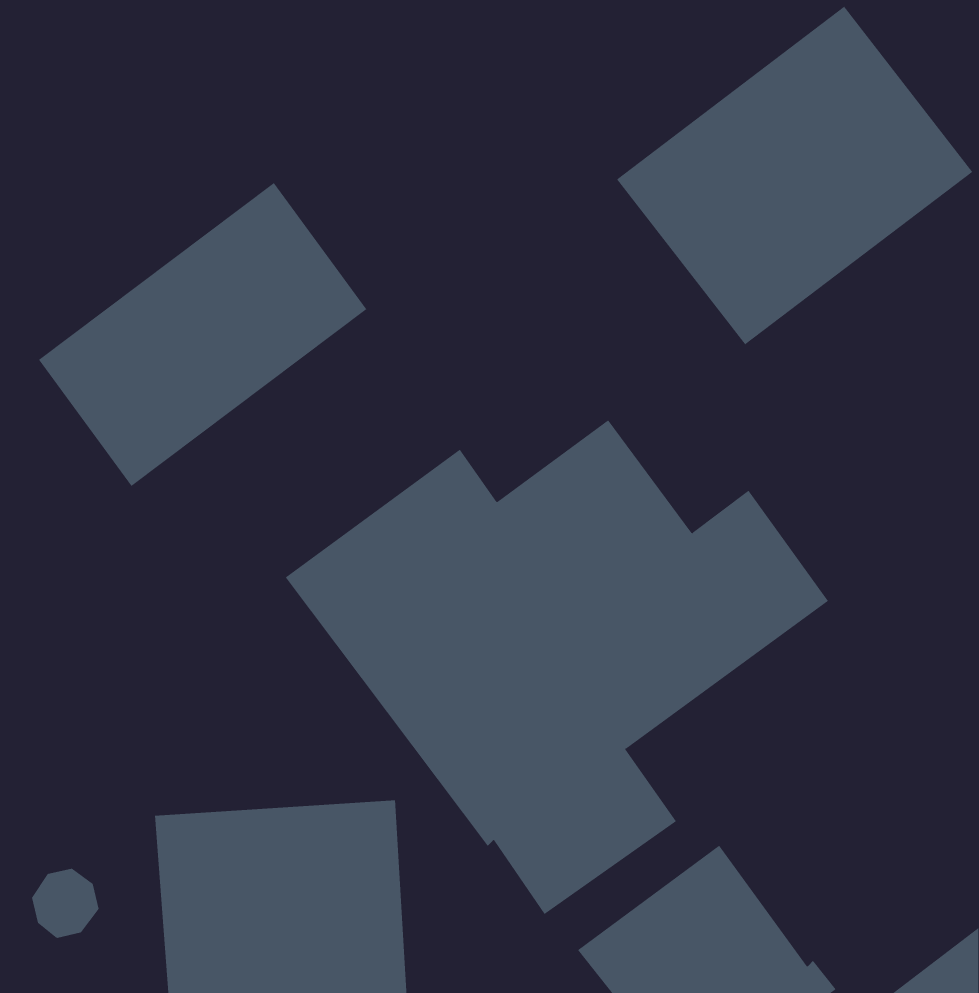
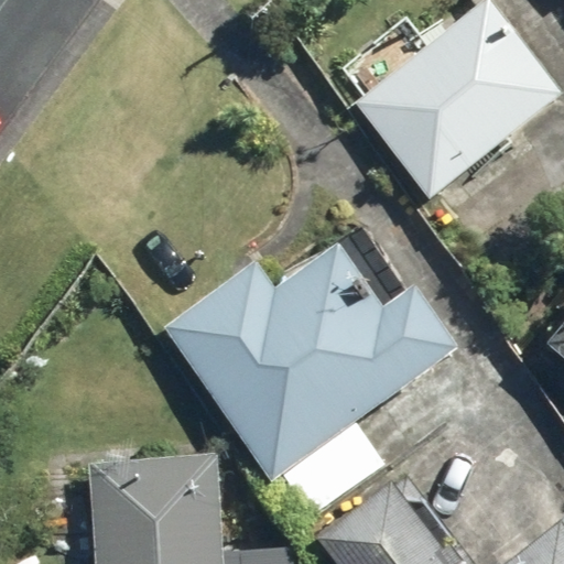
building: [38,182,367,487] -> none

